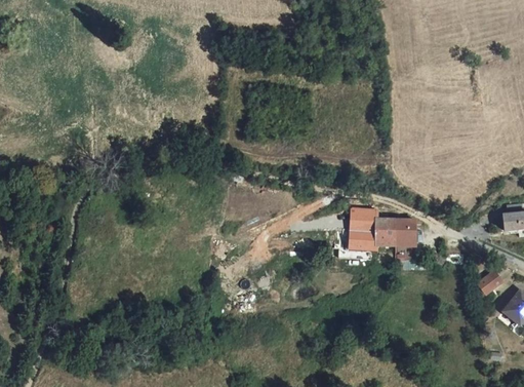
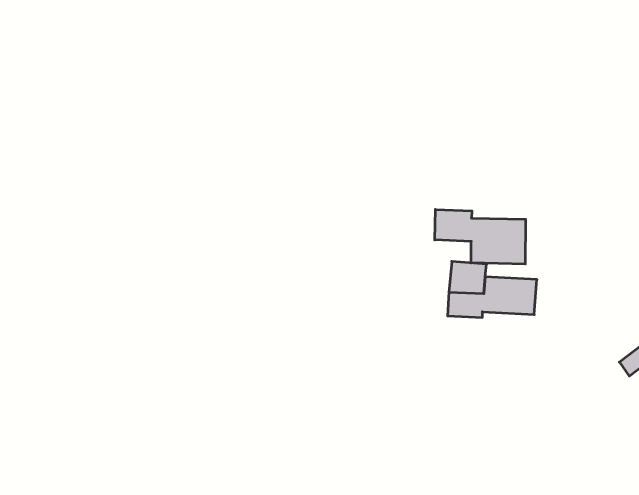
building: none -> [435,209,526,264]

